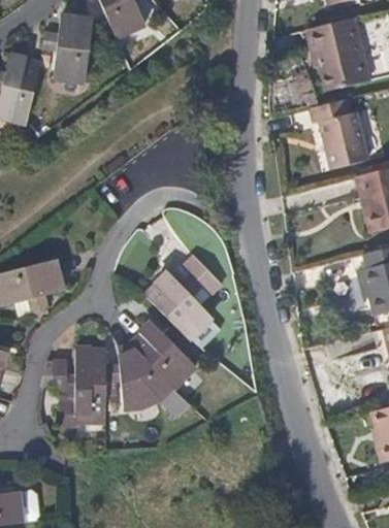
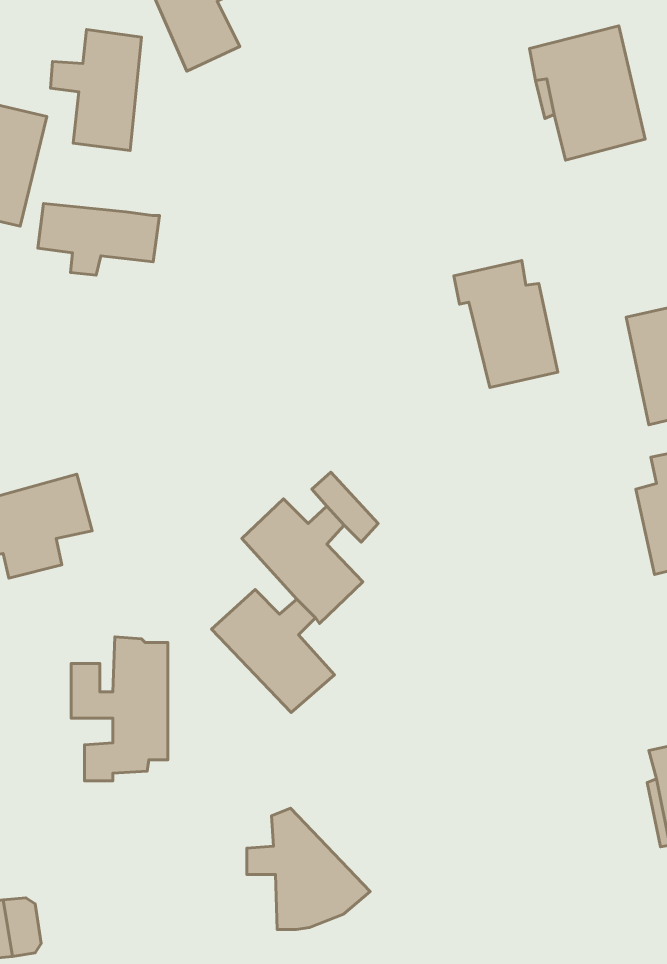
building: [311,97,367,166] -> [454,261,558,387]
building: none -> [38,204,159,275]
building: [106,343,173,409] -> [247,808,370,929]

